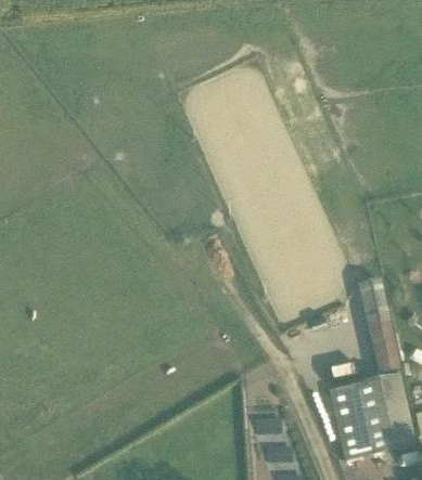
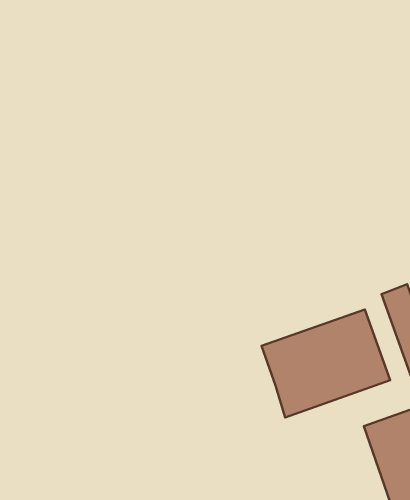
building: none -> [261,310,390,417]

